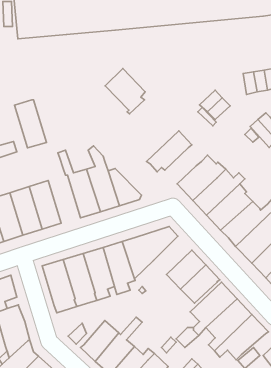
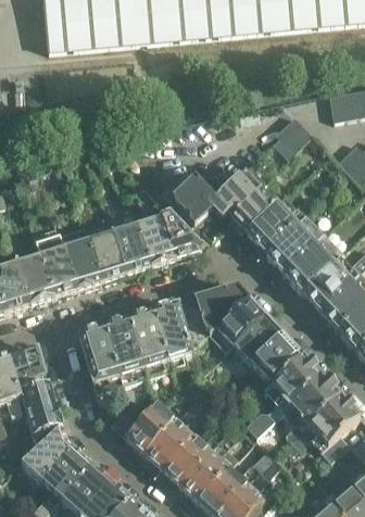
building: [105,68,145,114] -> [164,168,214,225]
building: [14,100,47,148] -> [86,222,126,281]
building: none -> [231,187,277,232]
building: none -> [209,298,265,353]

